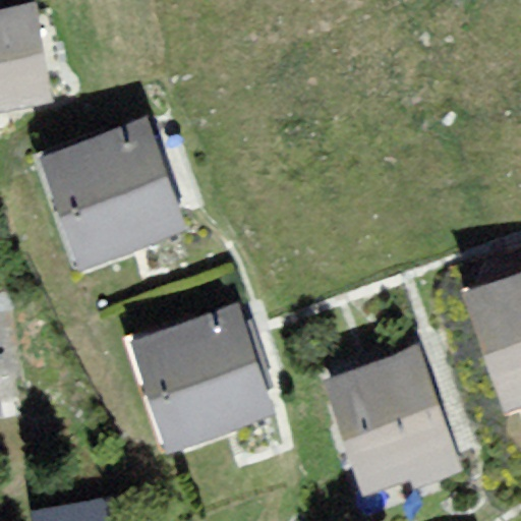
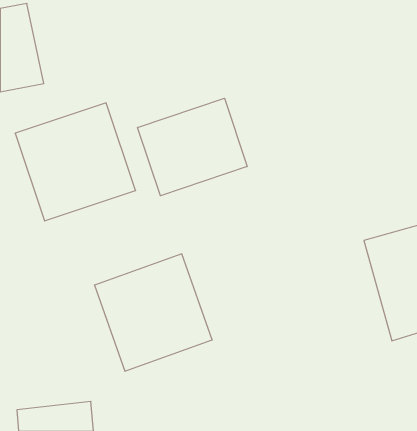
building: none -> [138,98,247,196]
building: [325,346,460,500] -> none

